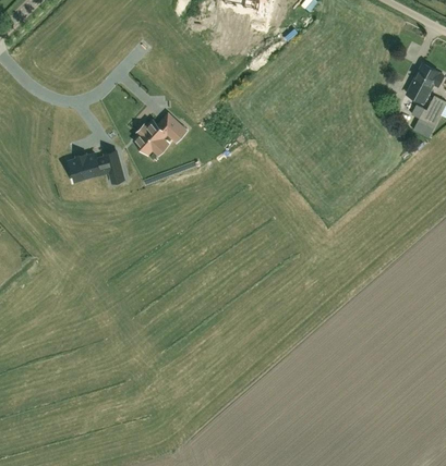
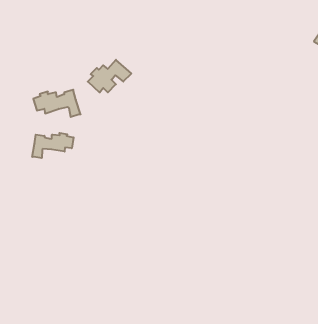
building: none -> [32,133,74,158]

